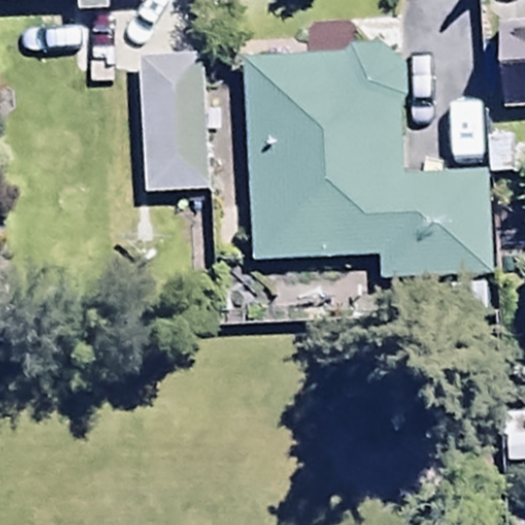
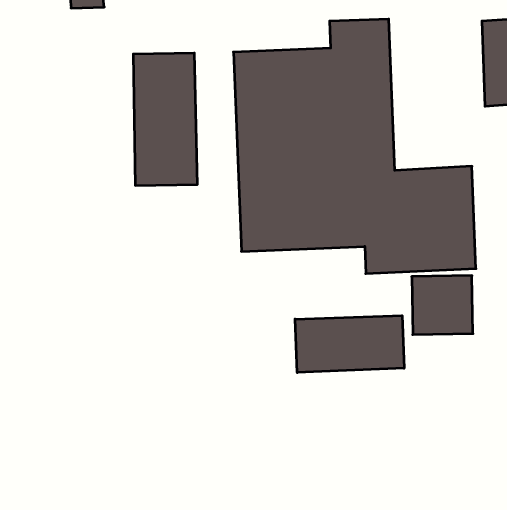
building: none -> [295,316,404,373]

